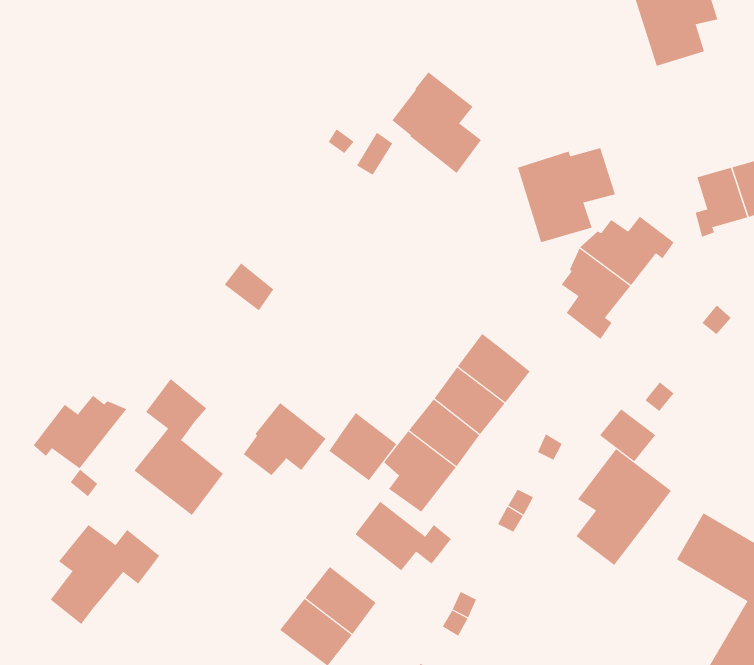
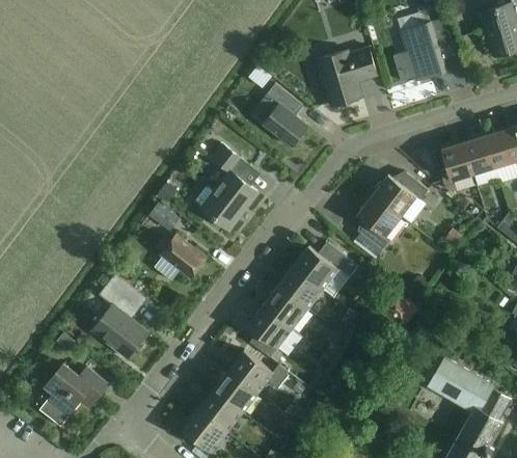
building: [517,147,616,243] -> [317,47,378,106]
building: none -> [195,145,257,227]
building: none -> [318,240,358,297]
building: [33,395,127,469] -> none
building: [243,402,327,476] -> [155,234,207,279]
building: [329,412,397,481] -> none
building: [576,448,672,566] -> none
building: none -> [214,370,258,412]

